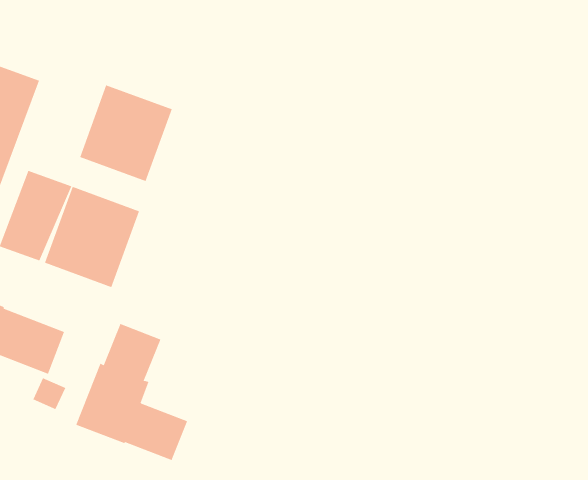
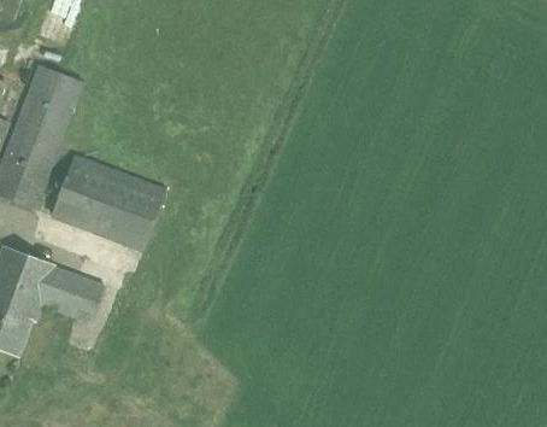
building: [80,84,172,182] -> none
building: [75,323,188,461] -> none

